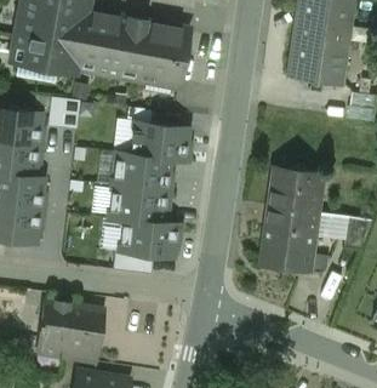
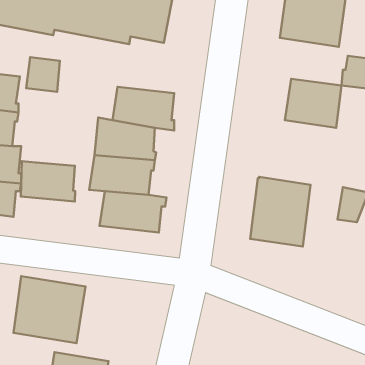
building: [269,167,322,213] -> [285,79,341,128]
building: none -> [21,161,75,201]

